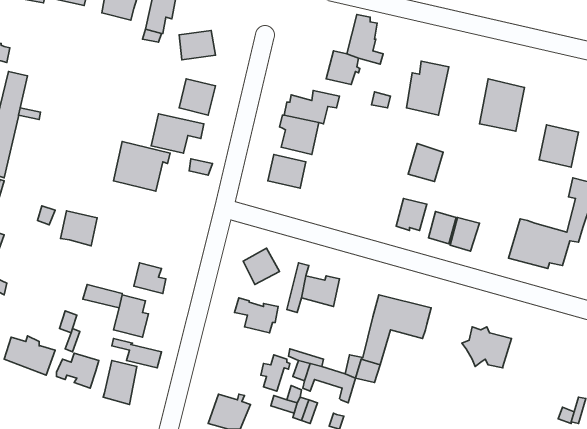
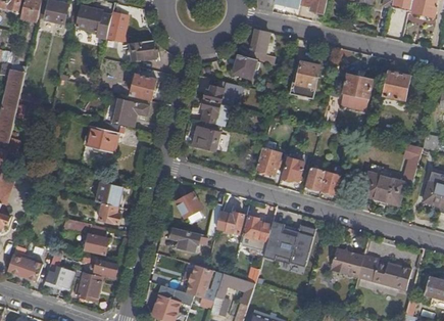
building: [539,125,578,167] -> [382,71,409,100]
building: [408,143,443,181] -> [255,147,280,174]
building: [61,211,97,246] -> [96,182,121,207]
building: none -> [243,216,269,240]
building: none -> [356,254,410,289]

